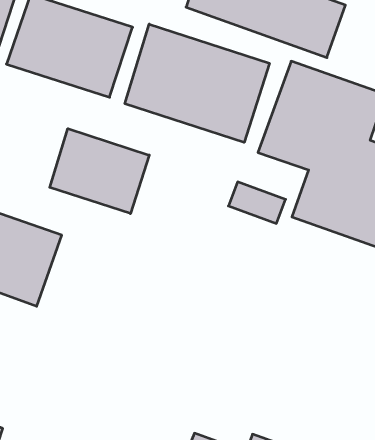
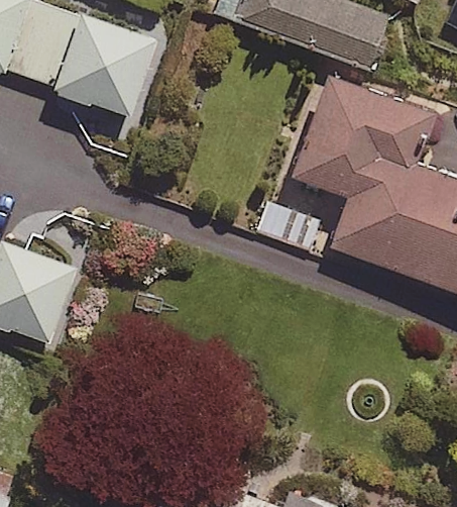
building: [125,24,269,142] -> none
building: [50,129,149,214] -> none

